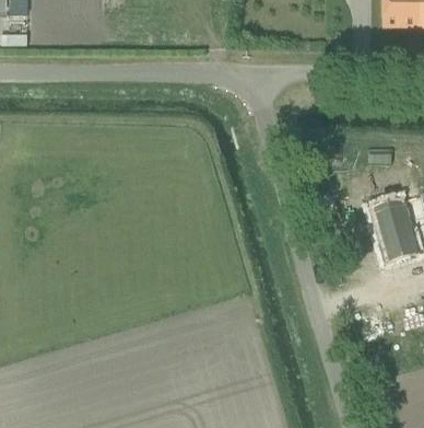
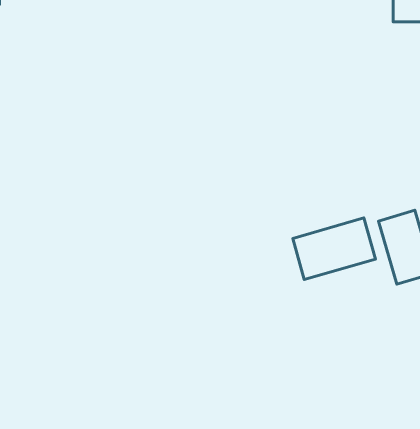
building: none -> [293,218,375,280]

